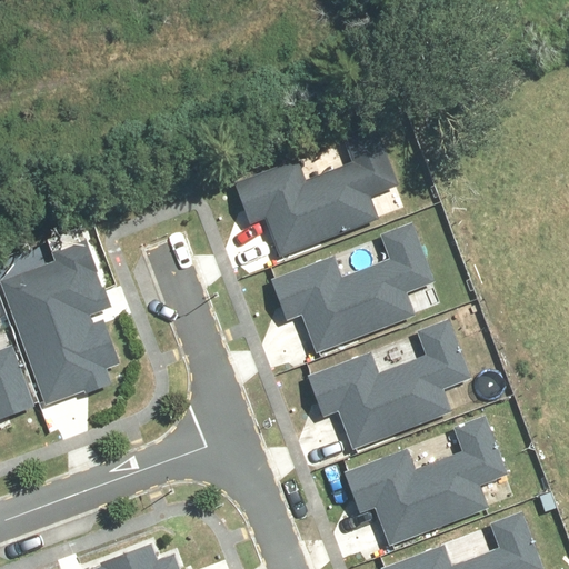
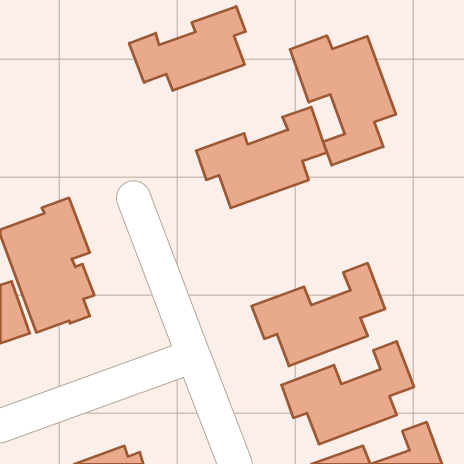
building: none -> [129,6,246,91]
building: none -> [290,36,396,165]
building: [268,226,431,351] -> none

